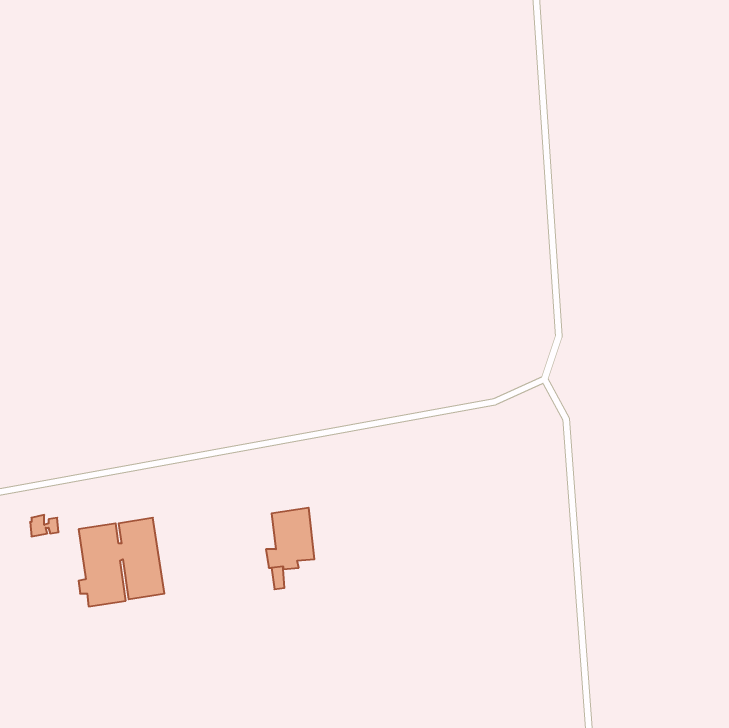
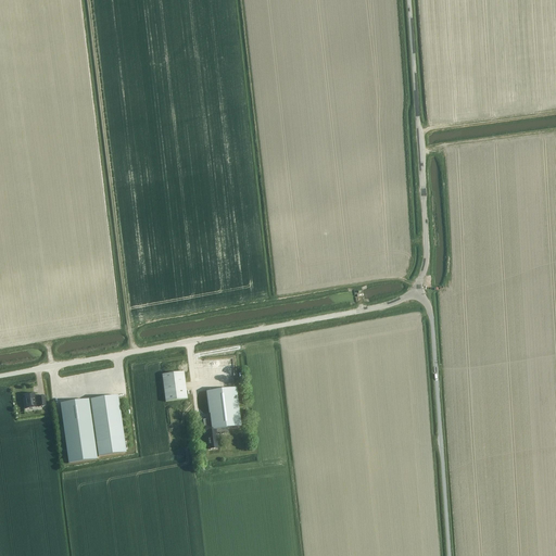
building: none -> [161,369,187,400]

